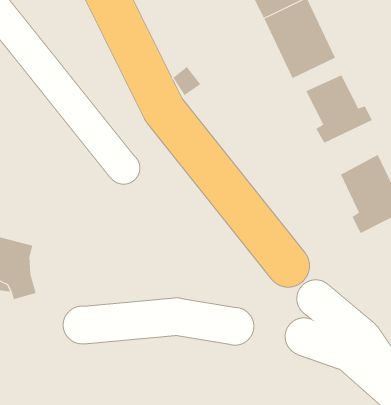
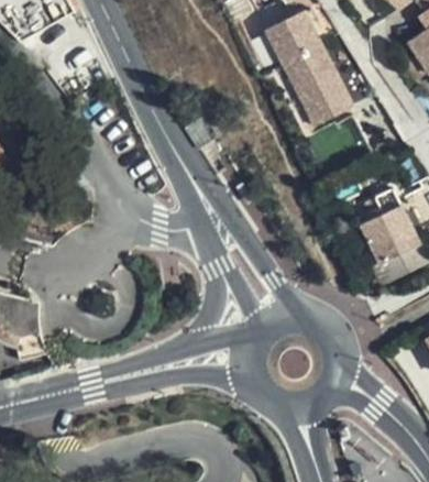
building: [305,74,373,143] -> none

